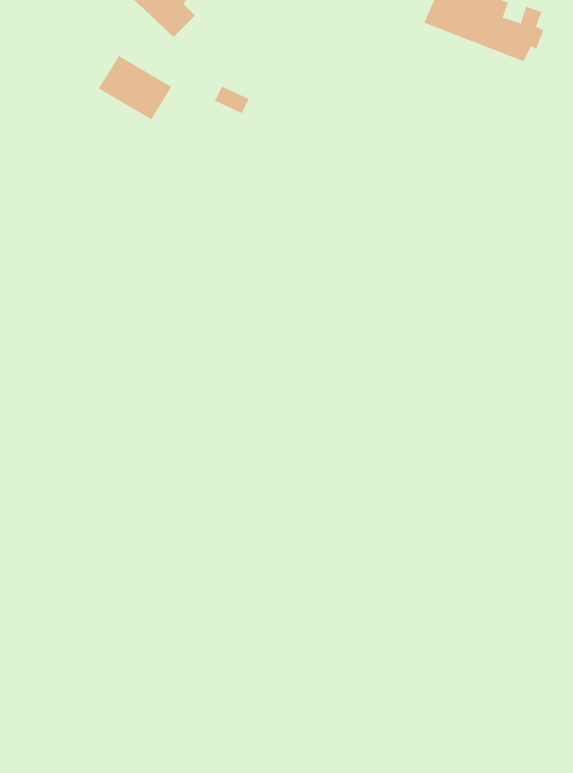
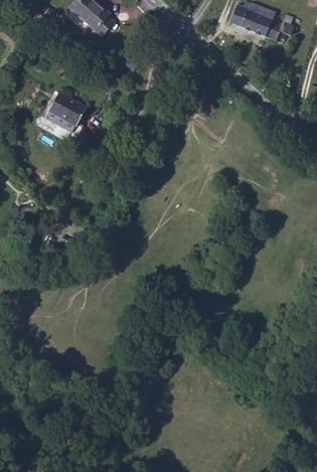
building: [98,55,172,120] -> [45,95,86,130]

